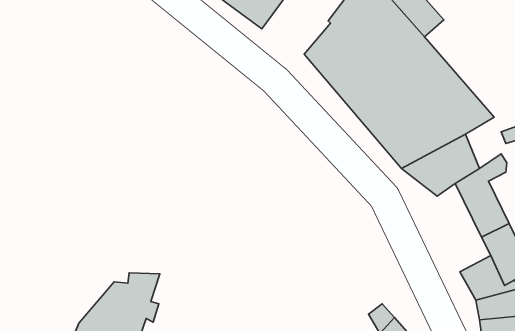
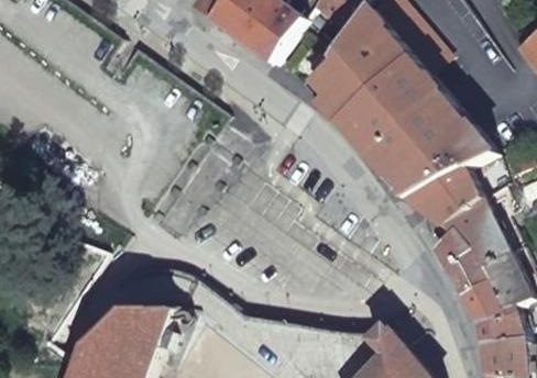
building: none -> [434,213,490,298]

